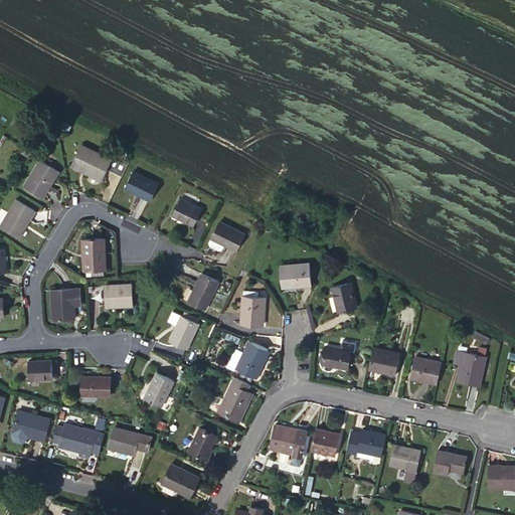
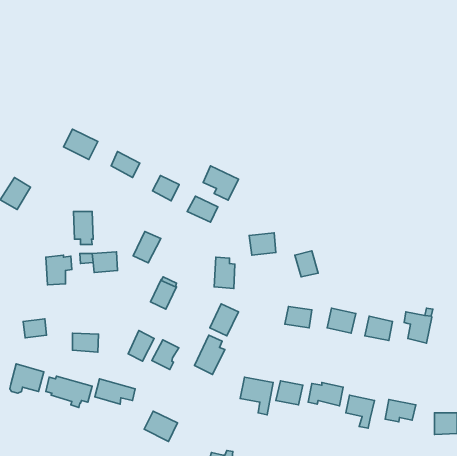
building: [24,161,58,198] -> none
building: none -> [203,166,239,200]
building: [187,275,218,310] -> [133,231,161,263]
building: [187,427,217,461] -> [152,340,179,369]

